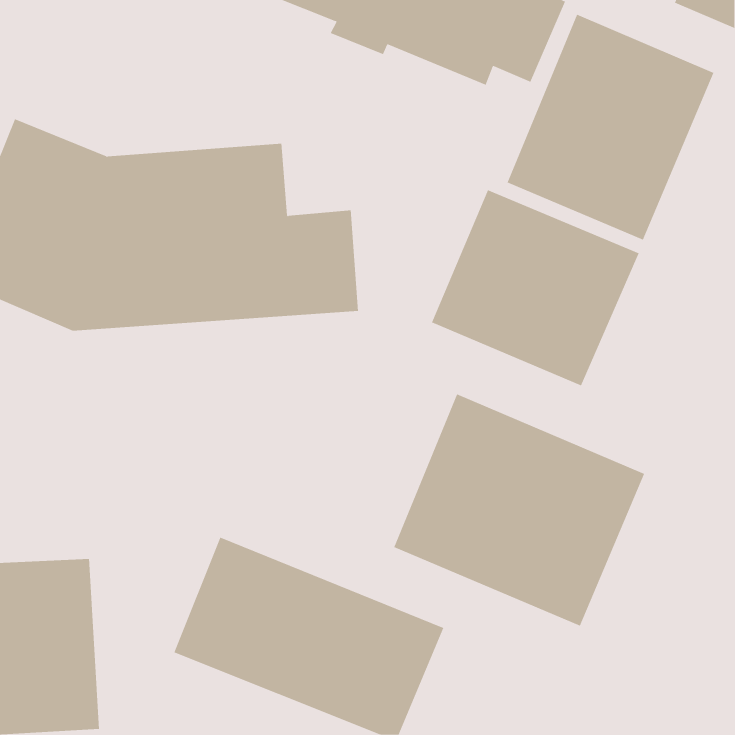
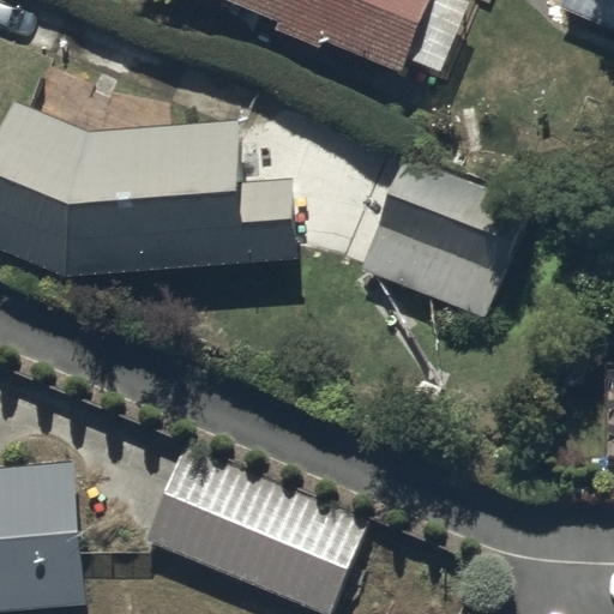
building: [507,14,714,240] -> none
building: [393,393,645,627] -> none

